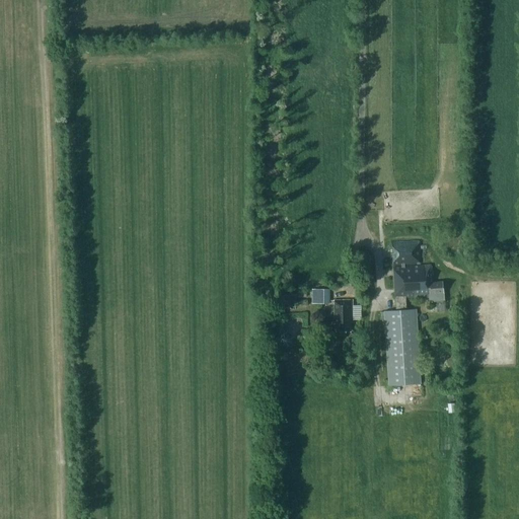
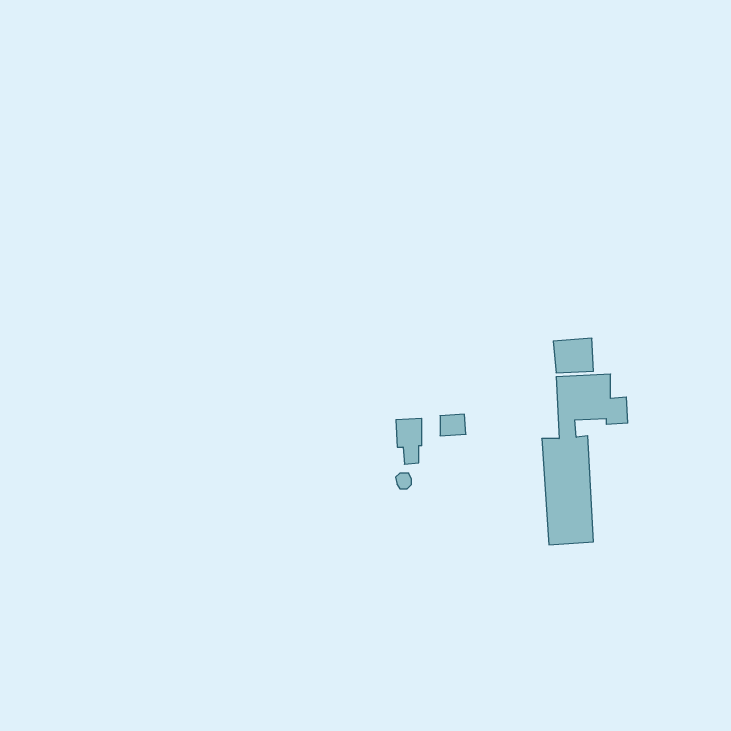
building: [335,300,353,332] -> [396,418,422,464]

